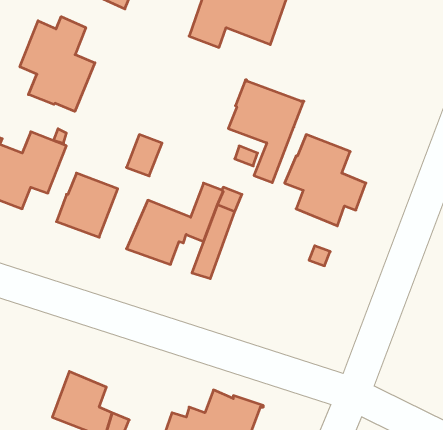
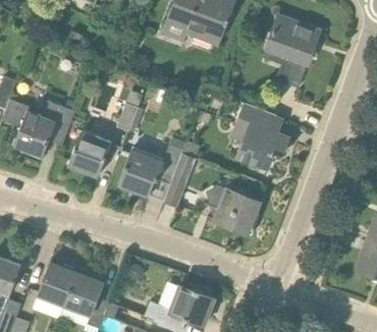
building: [20,17,95,111] -> none
building: [228,80,304,183] -> [266,14,320,88]
building: none -> [214,188,260,235]
building: none -> [38,262,76,305]

